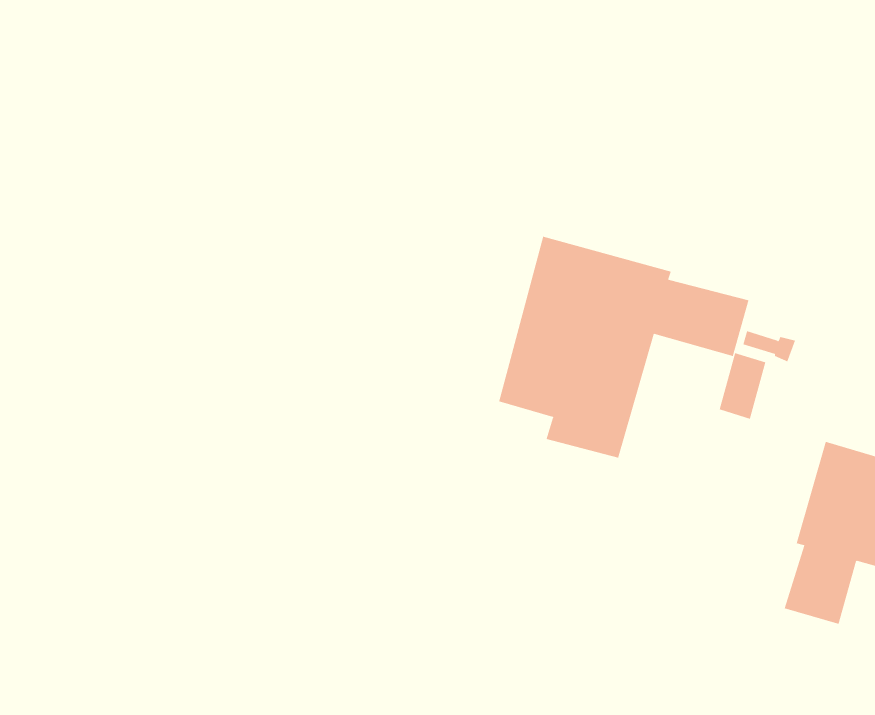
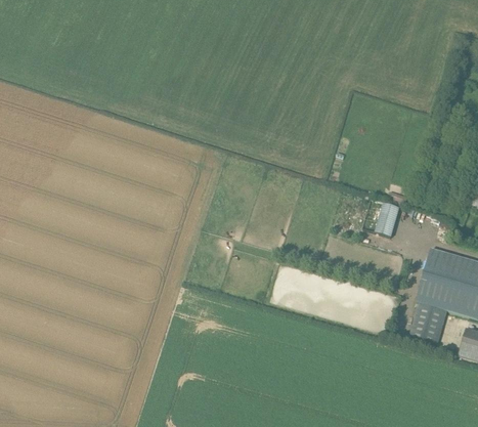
building: [498,236,749,458] -> none

